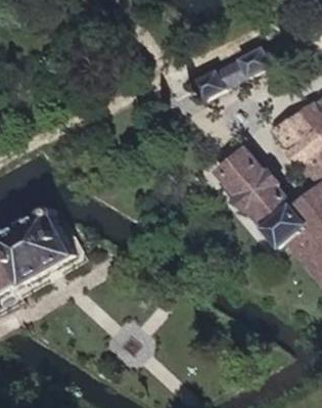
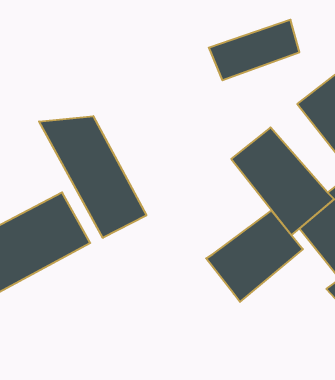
building: none -> [39,116,146,238]
building: none -> [206,210,303,302]

